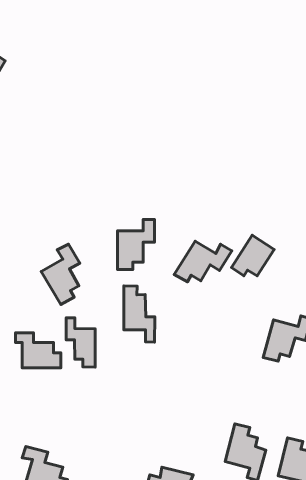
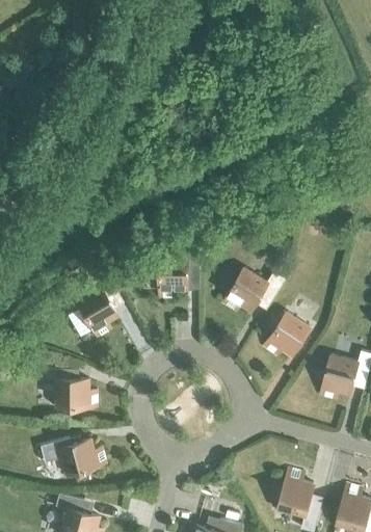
building: [232,235,274,276] -> [263,312,310,356]
building: [124,286,155,342] -> none
building: [66,318,95,367] -> none
building: none -> [57,438,106,475]

